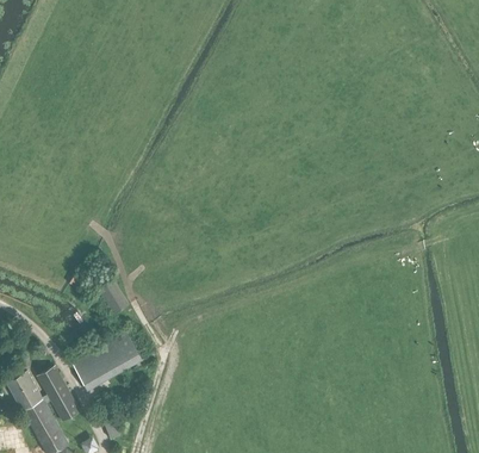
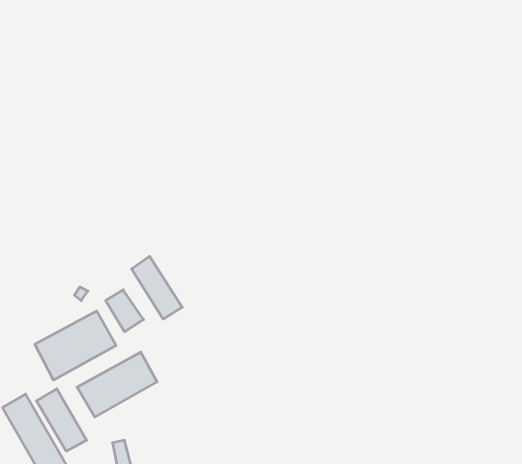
building: none -> [132,256,182,319]
building: none -> [35,311,116,380]

